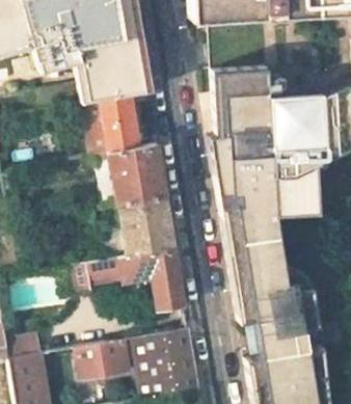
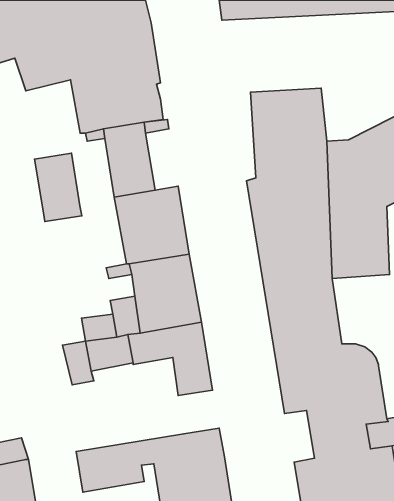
building: none -> [35,153,82,222]

